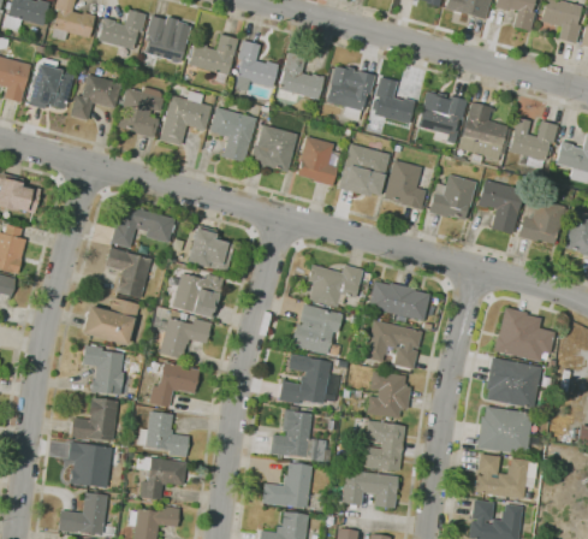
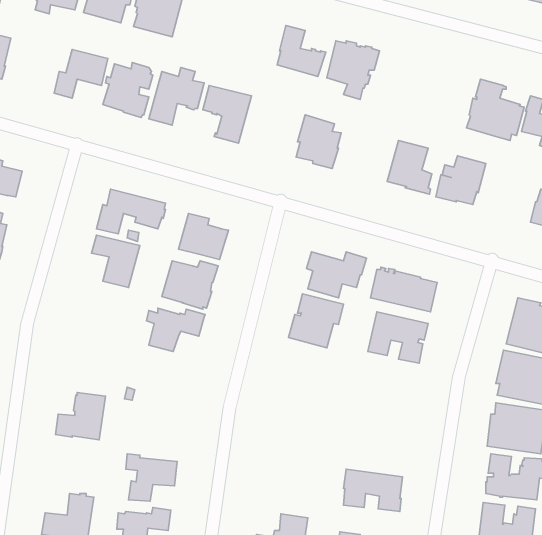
building: [189,34,239,76] -> none
building: [236,41,279,91] -> none
building: [28,59,75,109] -> none
building: [372,78,415,128] -> none
building: [417,91,468,144] -> none
building: [250,125,297,172] -> none
building: [338,143,391,197] -> none
building: [477,179,523,235] -> none
building: [83,298,141,345] -> none
building: [83,344,124,396] -> none
building: [279,355,332,405] -> none
building: [149,361,200,408] -> none
building: [367,372,411,419] -> none
building: [271,410,333,462] -> none
building: [138,411,189,460] -> none
building: [362,421,406,472] -> none
building: [69,442,113,488] -> none
building: [262,463,313,509] -> none

